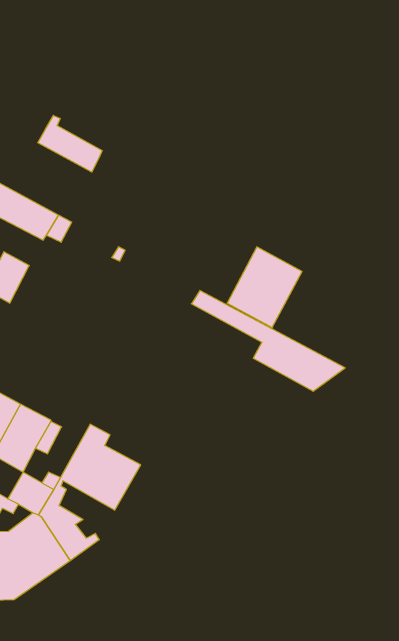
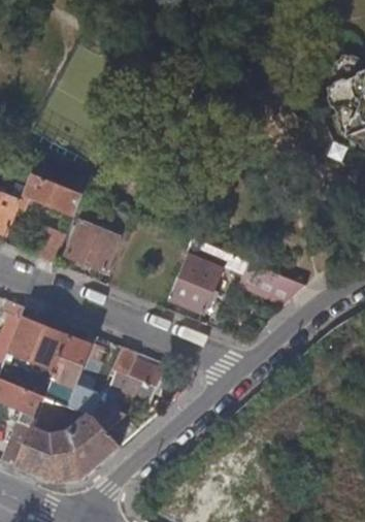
building: [38,115,102,172] -> none
building: none -> [65,219,119,271]
building: [227,247,302,328] -> [167,254,220,312]

